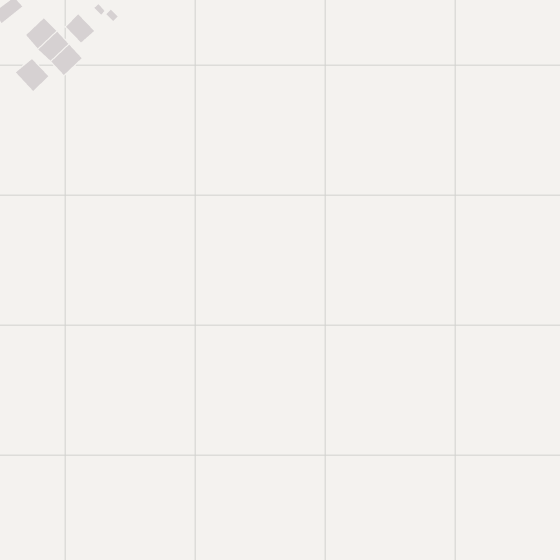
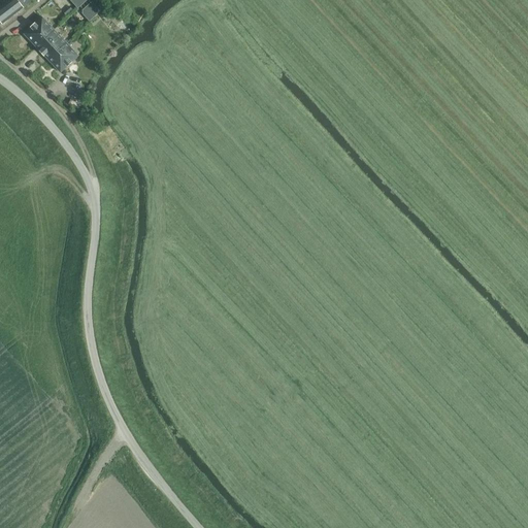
building: [65,13,95,44] -> none
building: [15,58,49,92] -> none

